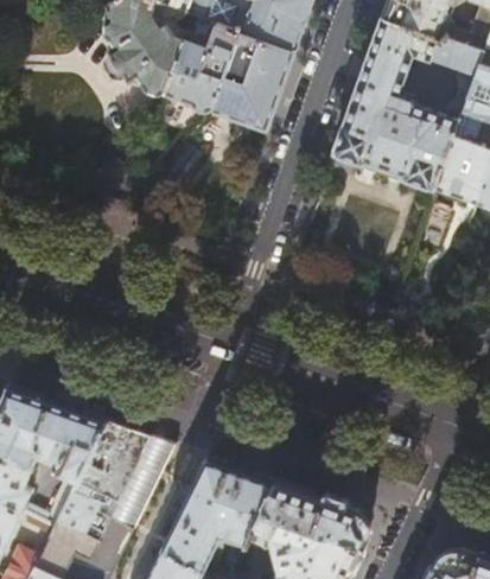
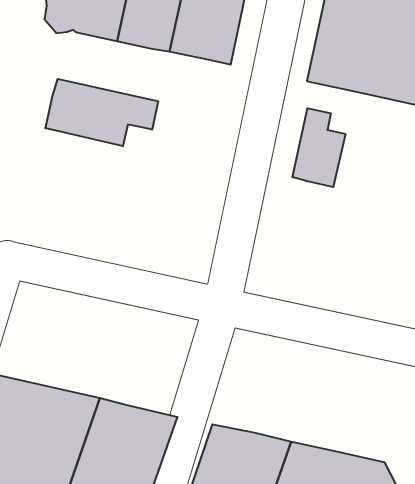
building: none -> [45,79,158,146]
building: none -> [292,108,345,187]

